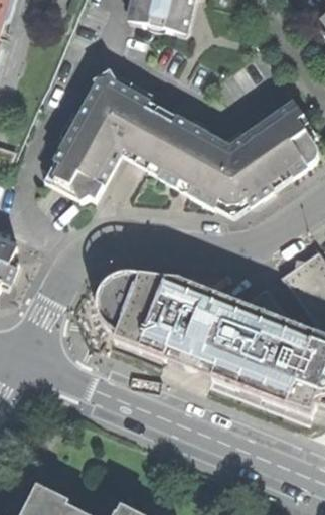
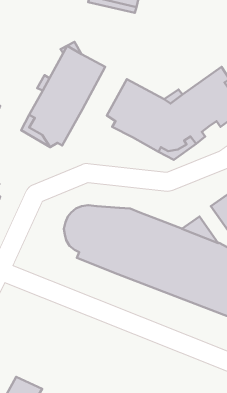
building: [120,100,175,174] -> none

